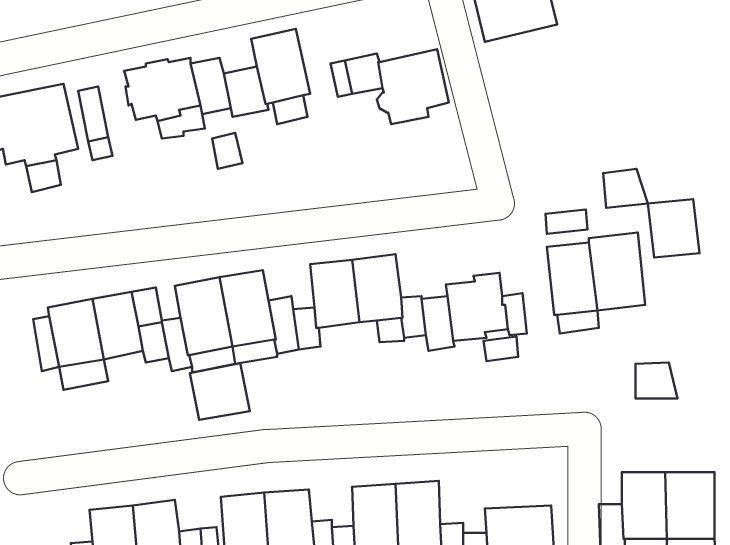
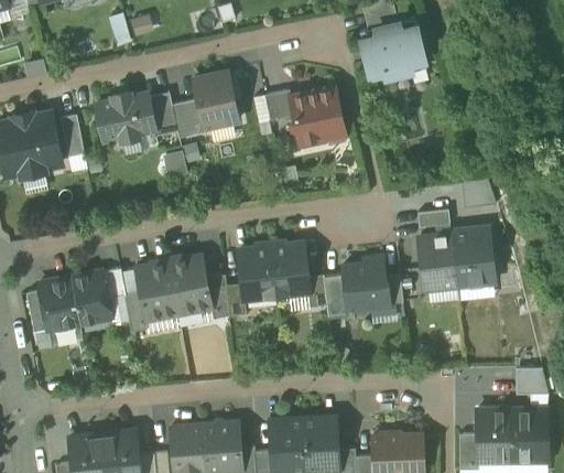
building: [648,199,699,257] -> none
building: [636,362,677,399] -> [516,365,547,393]
building: [190,363,250,420] -> none

